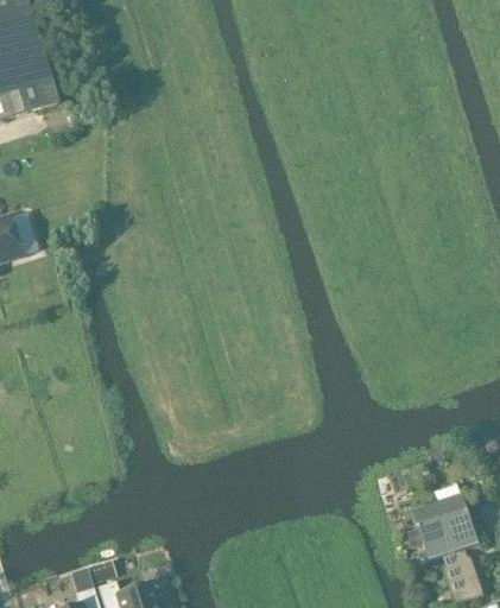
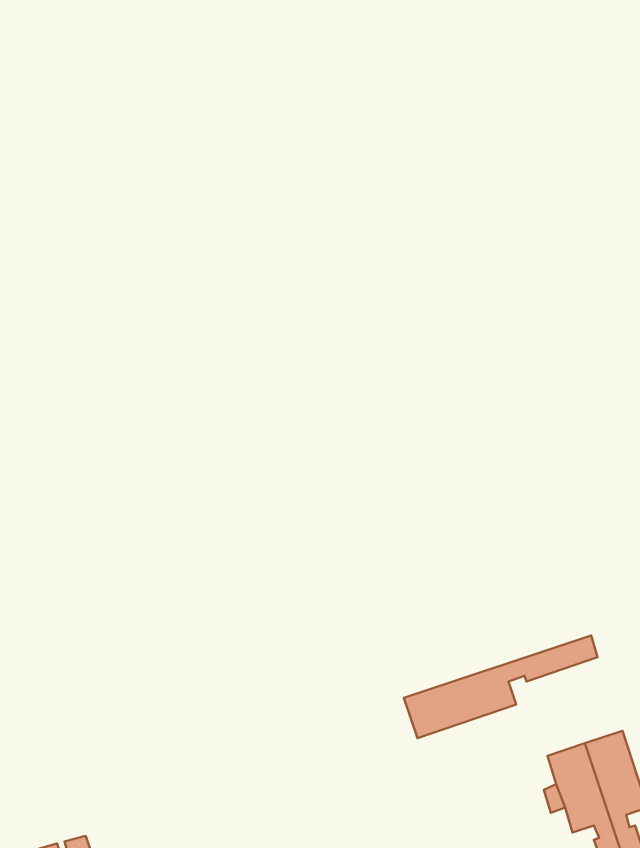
building: none -> [404,636,598,738]

